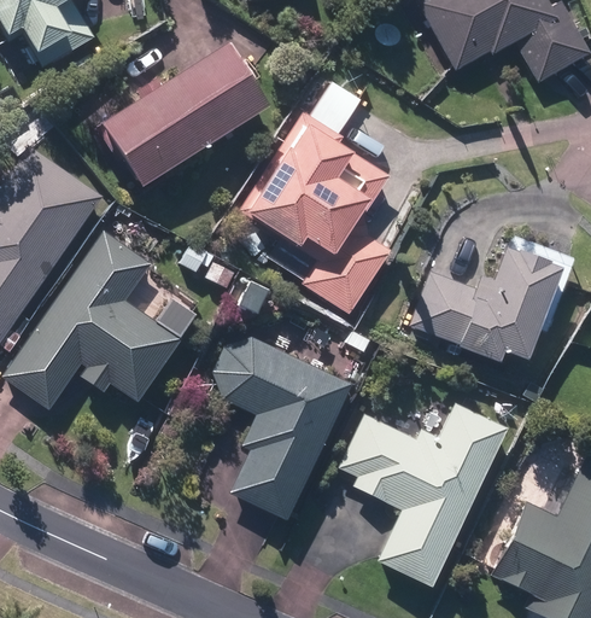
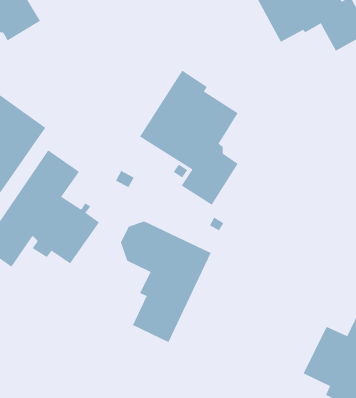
building: [96,47,264,191] -> none
building: [414,241,558,355] -> none
building: [340,404,507,587] -> none

